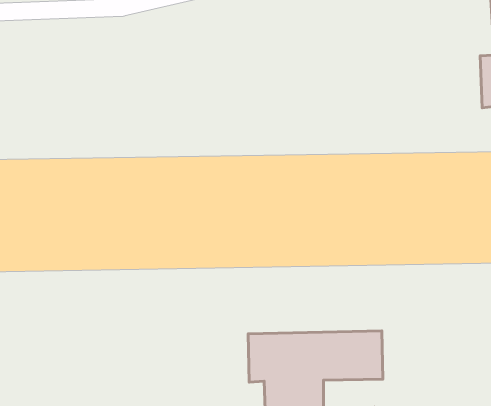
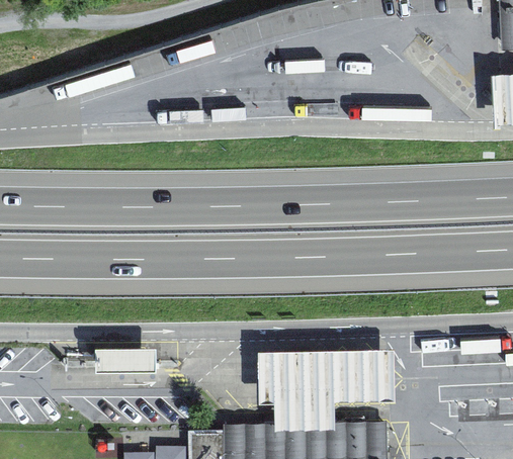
building: none -> [96,349,154,369]

